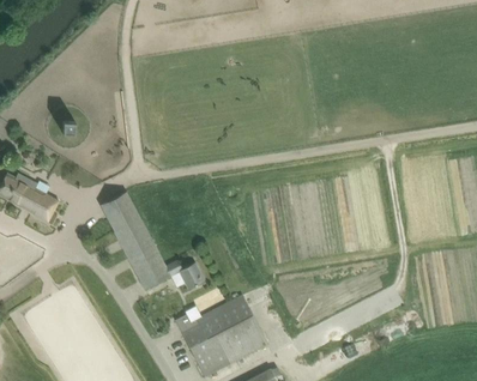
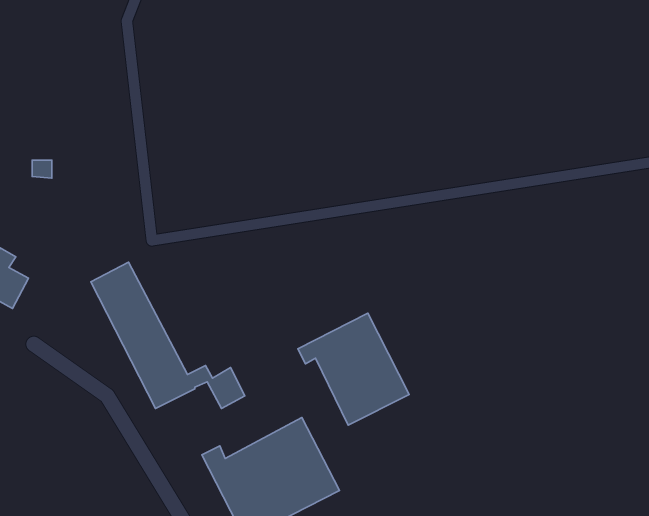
building: none -> [298,313,409,425]

